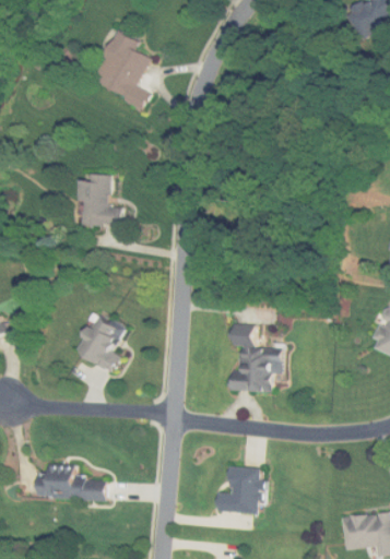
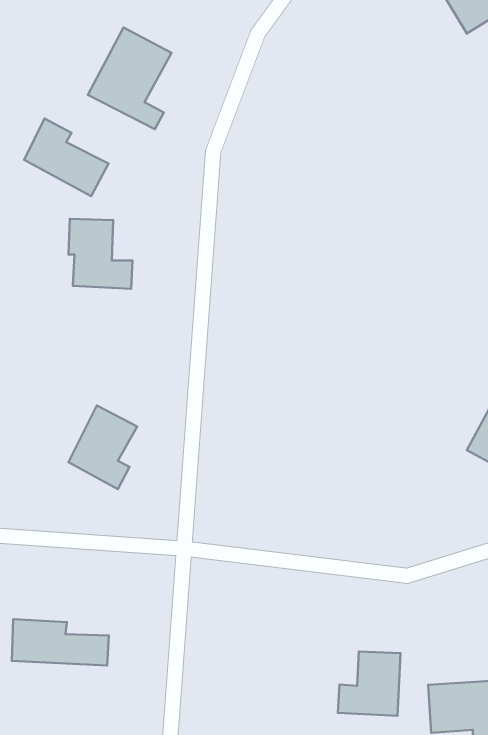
building: none -> [24,119,109,196]
building: [232,333,281,391] -> none
building: [214,465,260,512] -> [338,652,401,716]

